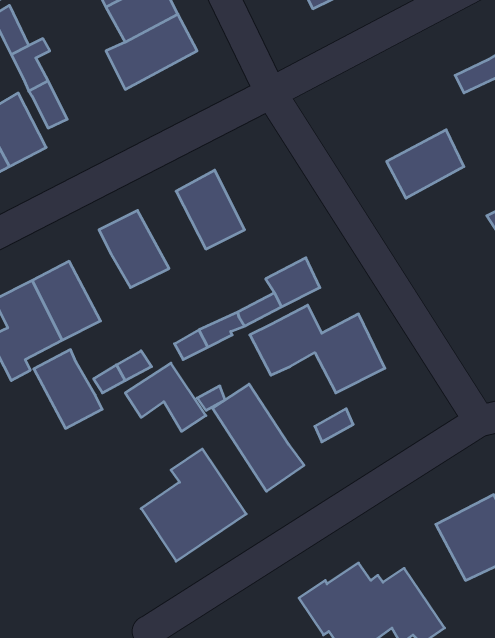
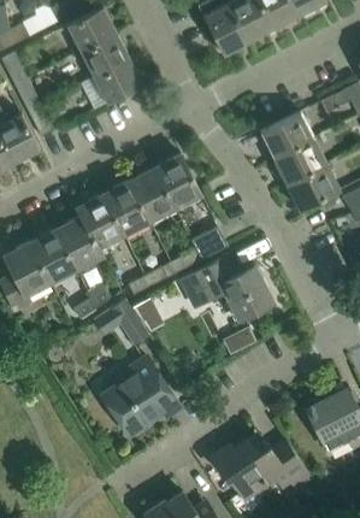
building: none -> [260,112,314,160]
building: none -> [155,154,201,207]
building: none -> [287,164,340,211]
building: none -> [102,181,149,234]
building: [34,350,102,428] -> [55,216,102,270]
building: [212,384,304,491] -> none

